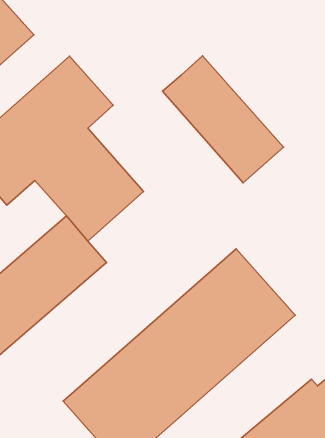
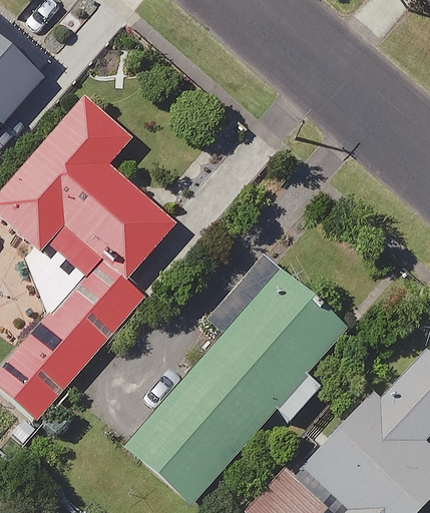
building: [162,56,283,183] -> none

